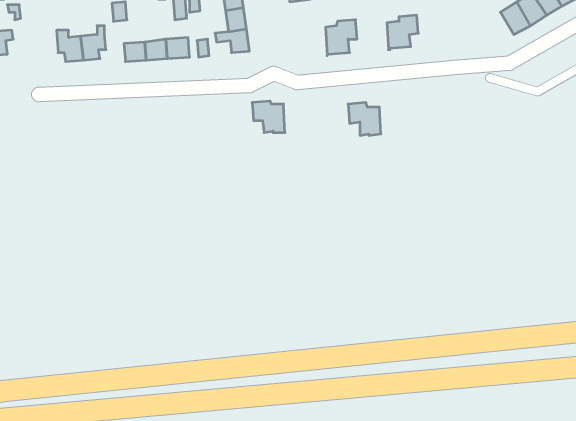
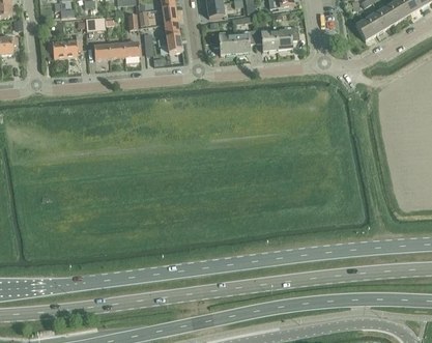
building: [252,101,285,133] -> [212,32,235,54]
building: [348,103,381,135] -> [255,28,278,51]

